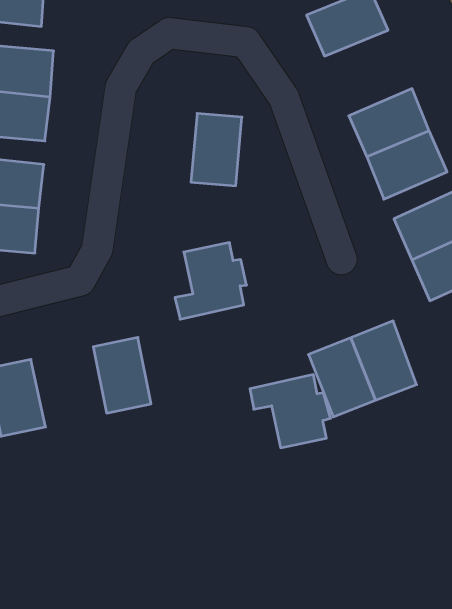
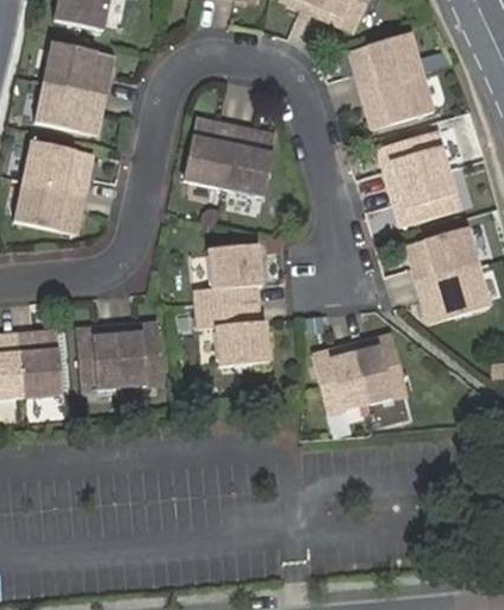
building: none -> [360,70,433,127]
building: none -> [183,116,237,187]
building: none -> [76,326,122,392]
building: [250,375,331,448] -> [199,305,269,368]

